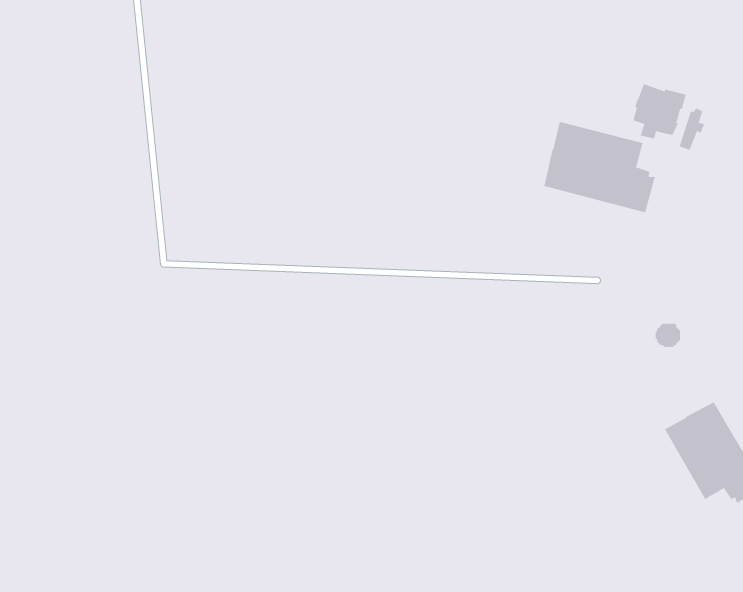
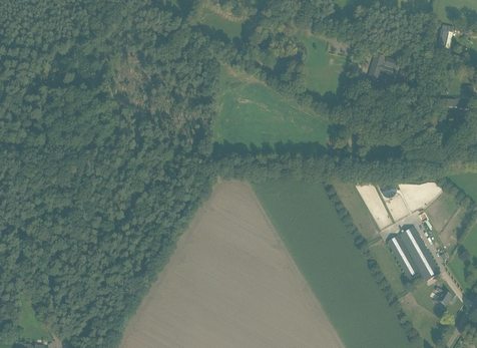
building: [544,121,656,213] -> none

